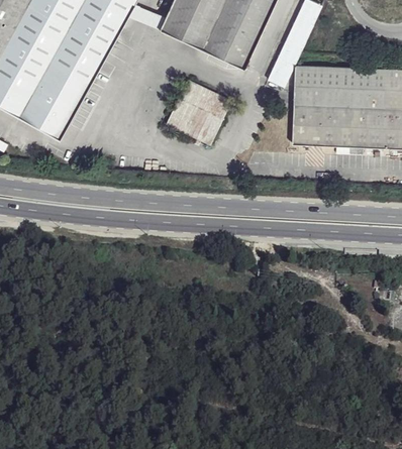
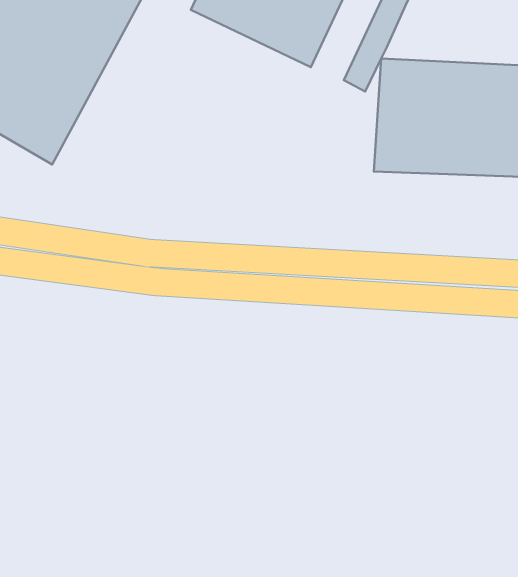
building: [166,79,228,143] -> none

